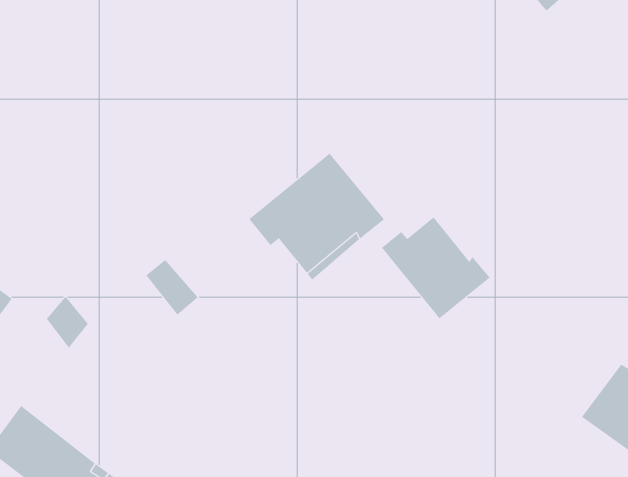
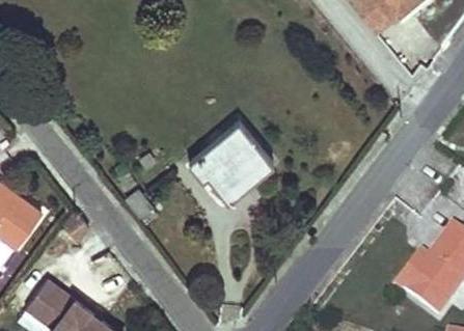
building: [381,216,491,319] -> none

